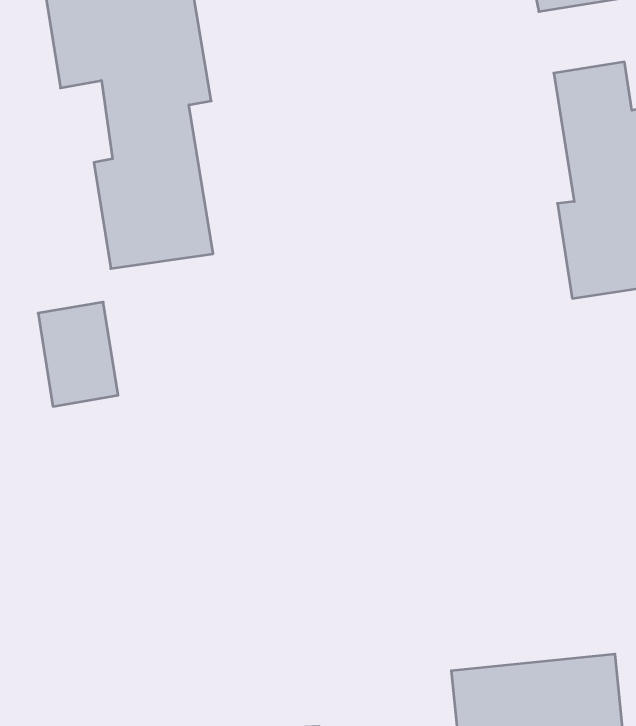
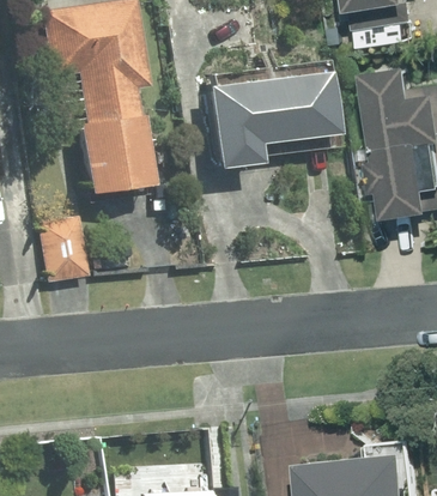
building: none -> [205,73,330,169]

